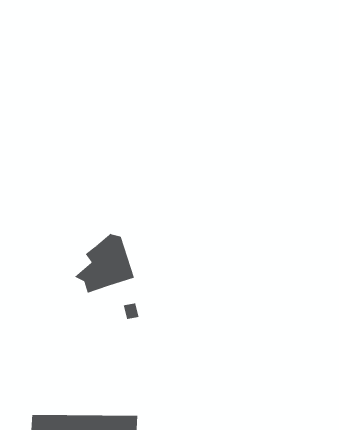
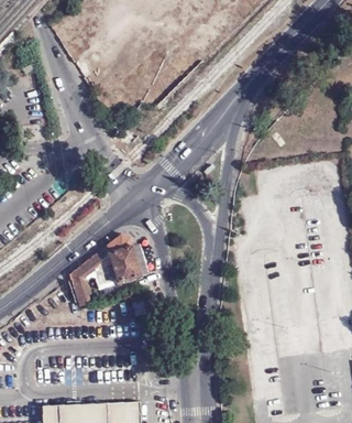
building: none -> [69,253,102,307]

